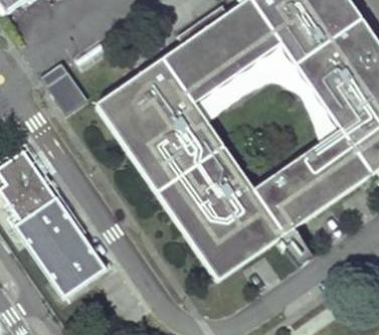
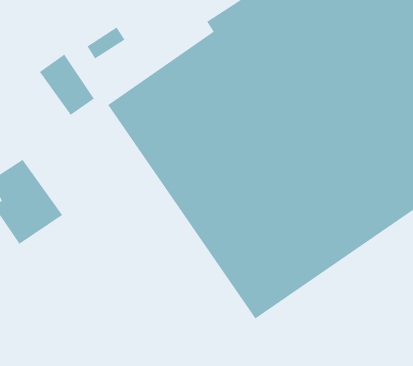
building: [16,194,108,295] -> none

